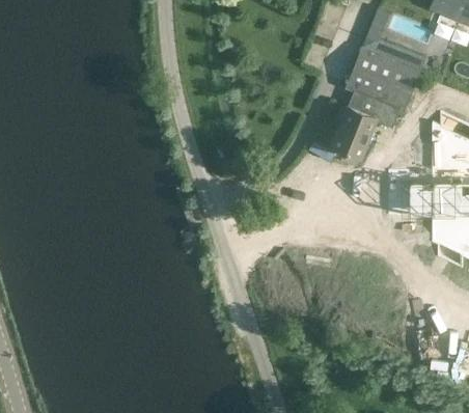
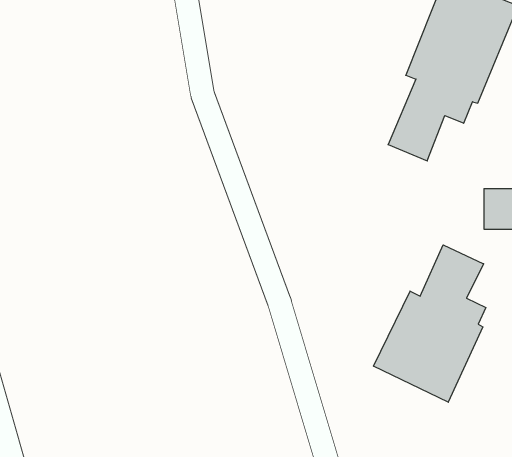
building: none -> [374,245,486,402]

